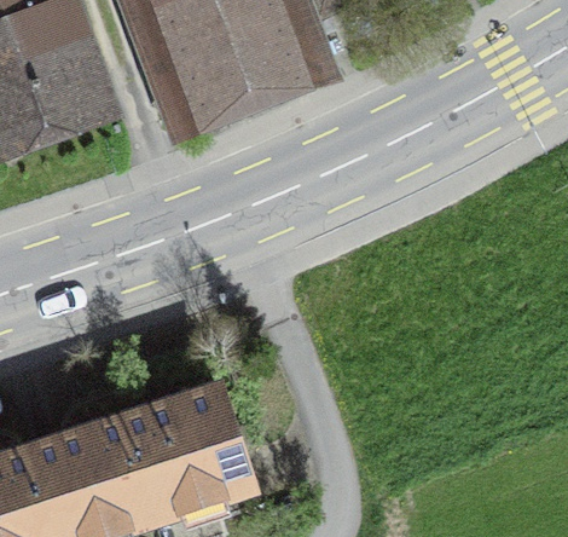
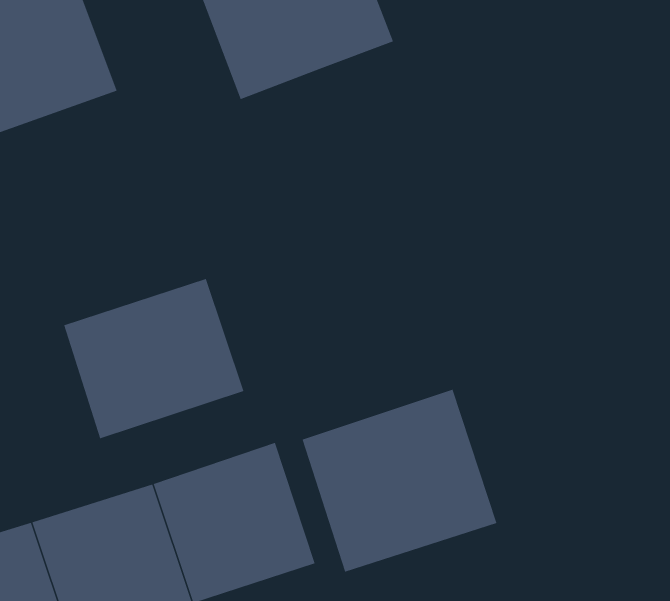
building: none -> [64,278,244,439]
building: none -> [302,389,497,573]

